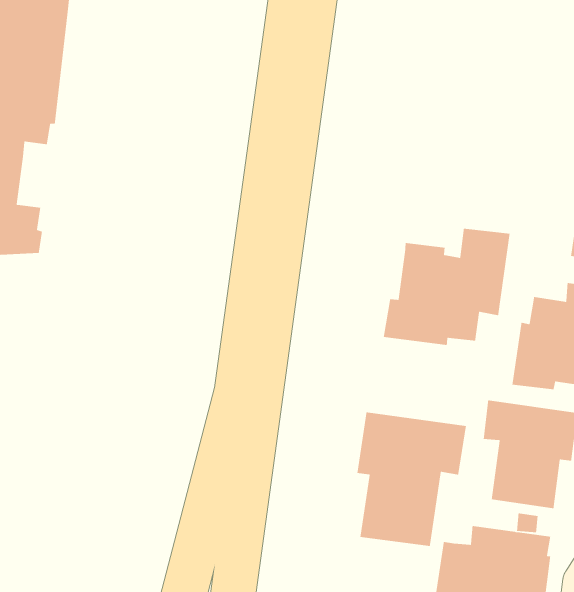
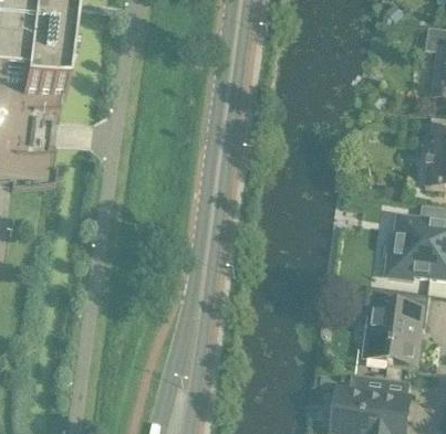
building: [383,228,510,346] -> none
building: [356,411,467,547] -> none

